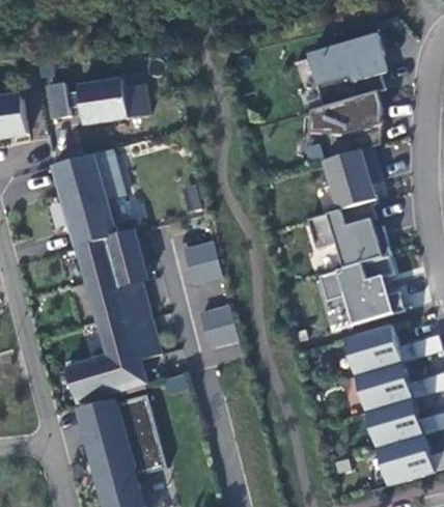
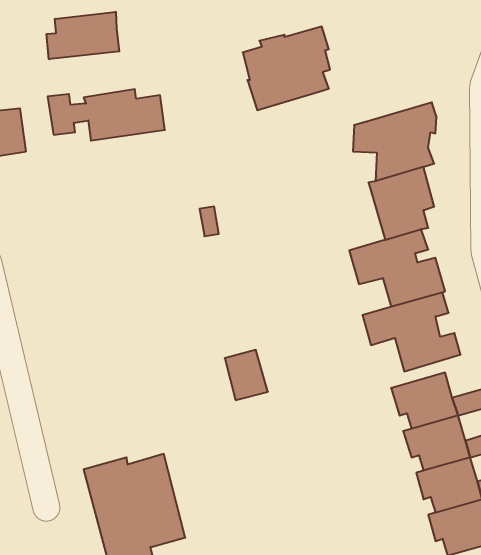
building: none -> [47,12,119,59]
building: [310,34,386,107] -> [243,26,330,110]
building: [52,148,160,403] -> none
building: [183,241,220,283] -> none

